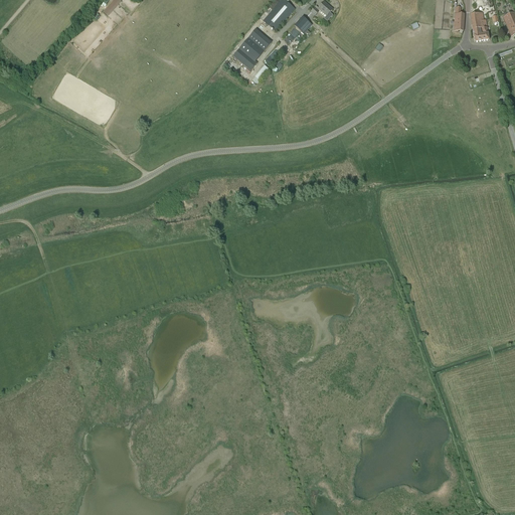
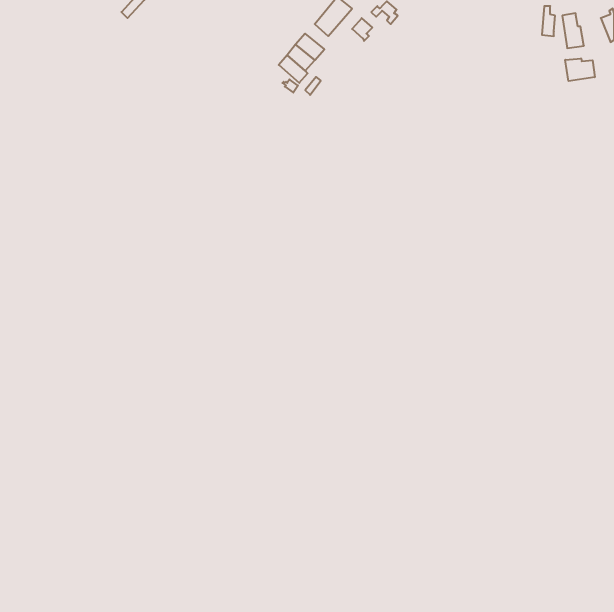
building: none -> [565,58,595,81]

